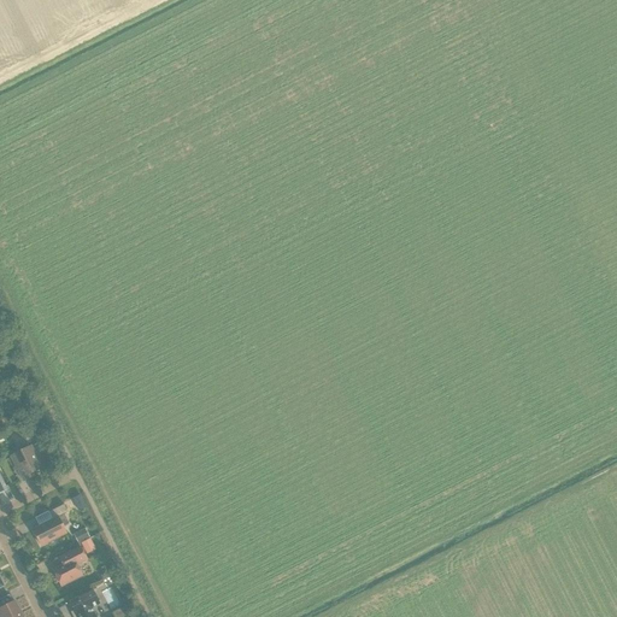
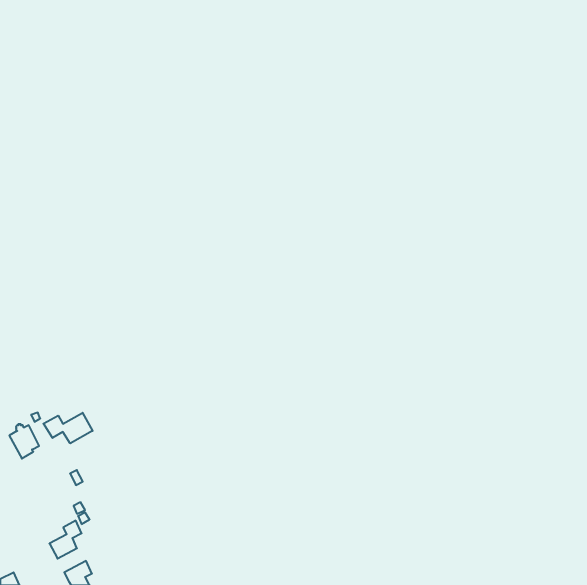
building: none -> [43,413,93,443]
building: [31,504,66,545] -> none

